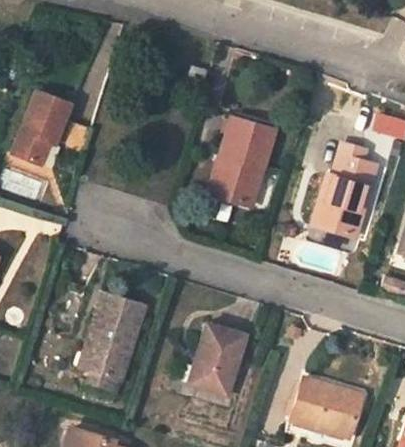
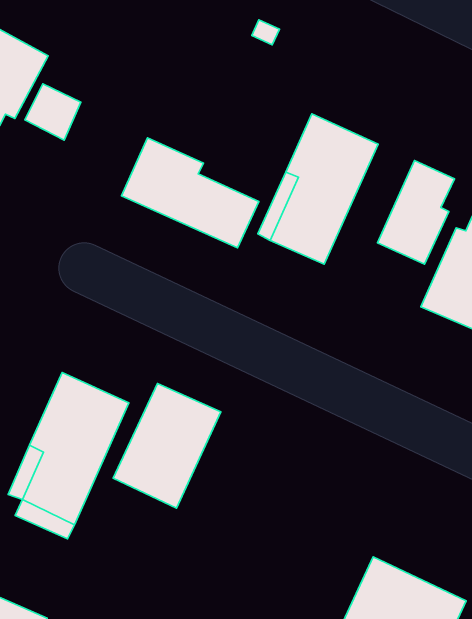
building: none -> [378,160,455,264]
building: none -> [122,138,259,248]
building: [187,323,246,396] -> [113,384,221,508]

